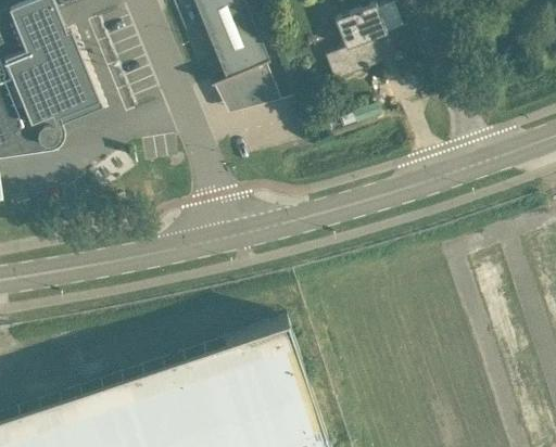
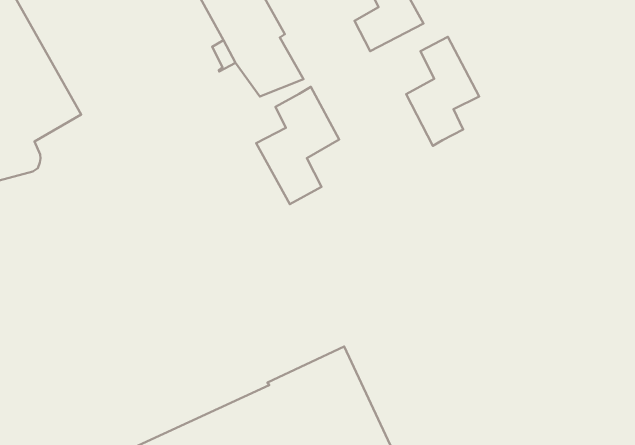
building: none -> [406,37,479,146]
building: none -> [256,87,339,204]

